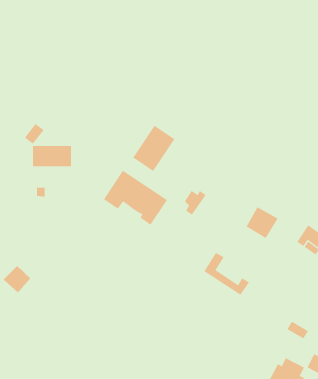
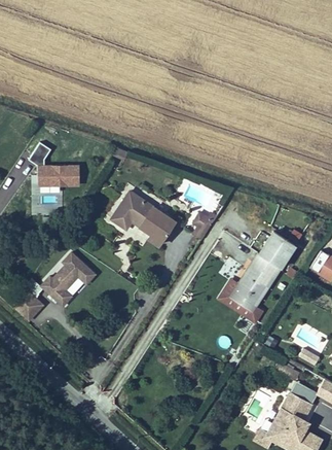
building: [132,125,175,172] -> none
building: none -> [227,249,278,309]
building: none -> [39,251,94,305]

